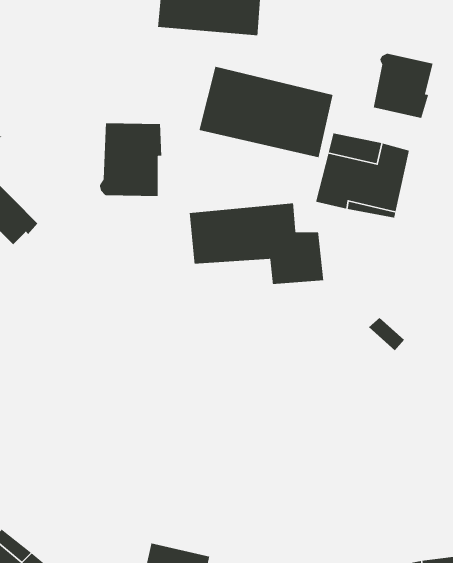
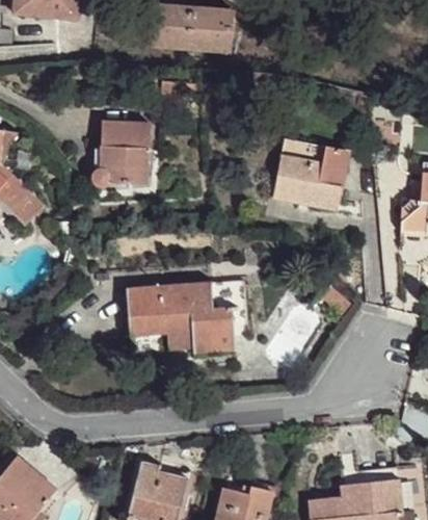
building: [373,53,434,119] -> none
building: [199,66,334,158] -> none
building: [189,203,324,285] -> [125,283,236,350]

